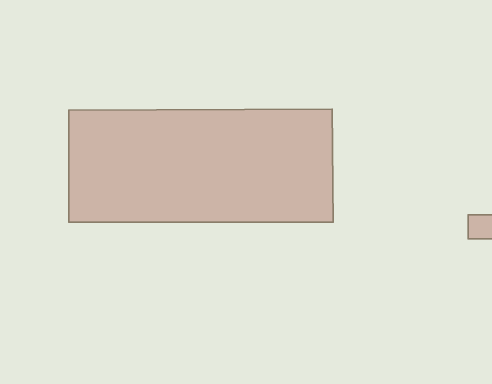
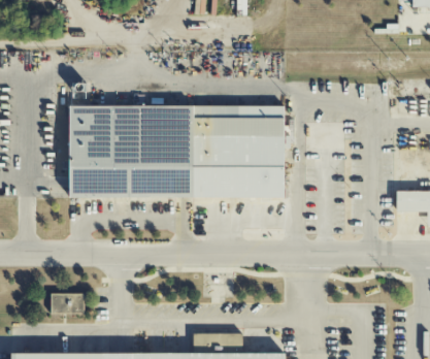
building: none -> [51,294,86,316]

